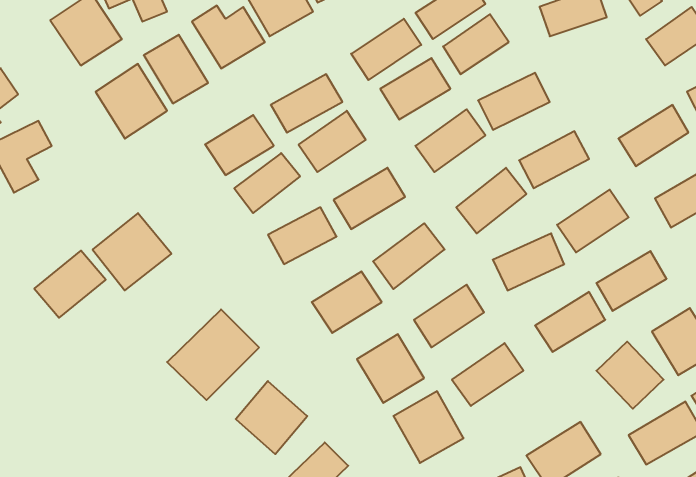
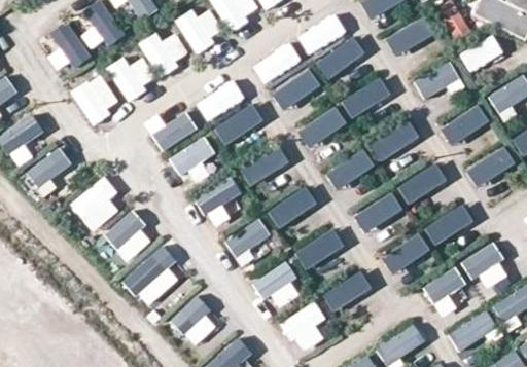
building: none -> [412,58,461,103]
building: [34,251,106,318] -> [25,146,75,193]
building: none -> [103,212,154,263]

